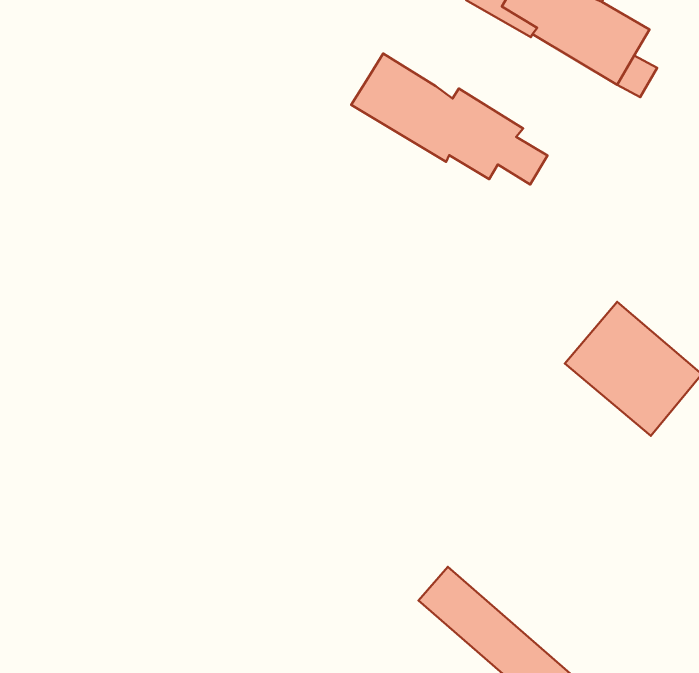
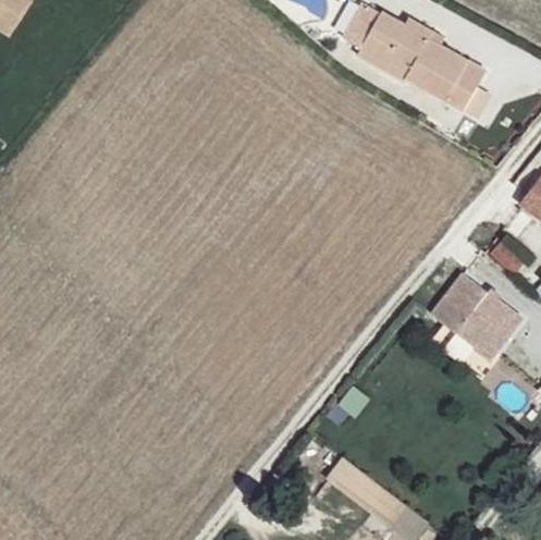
building: [351,54,547,184] -> none

